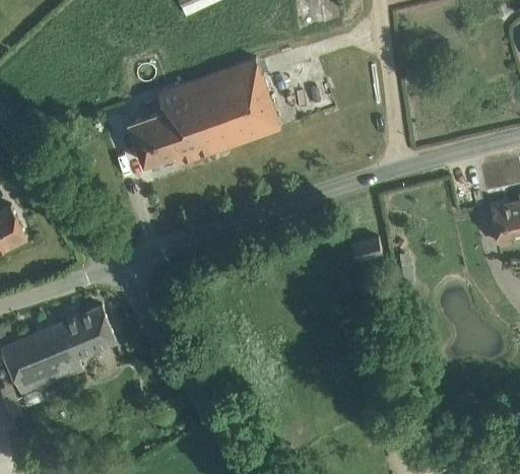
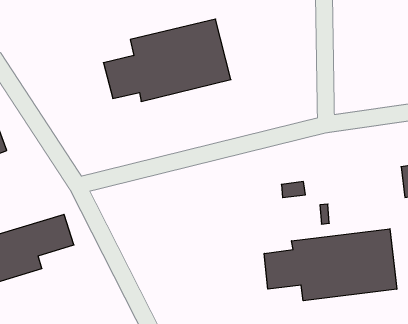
building: none -> [264,229,397,301]

